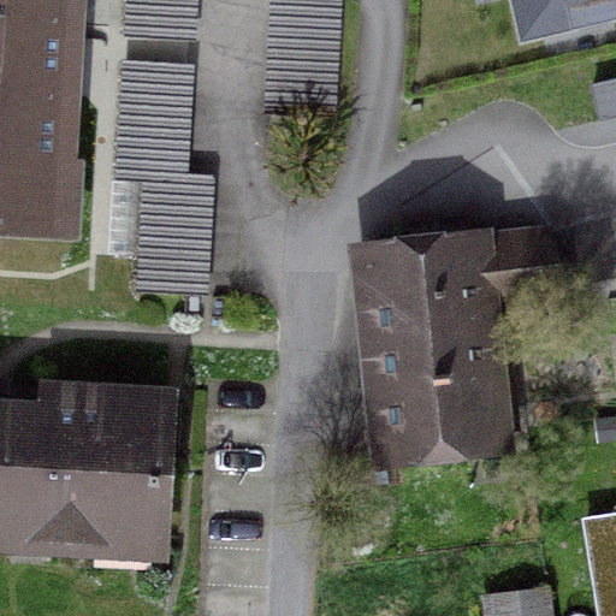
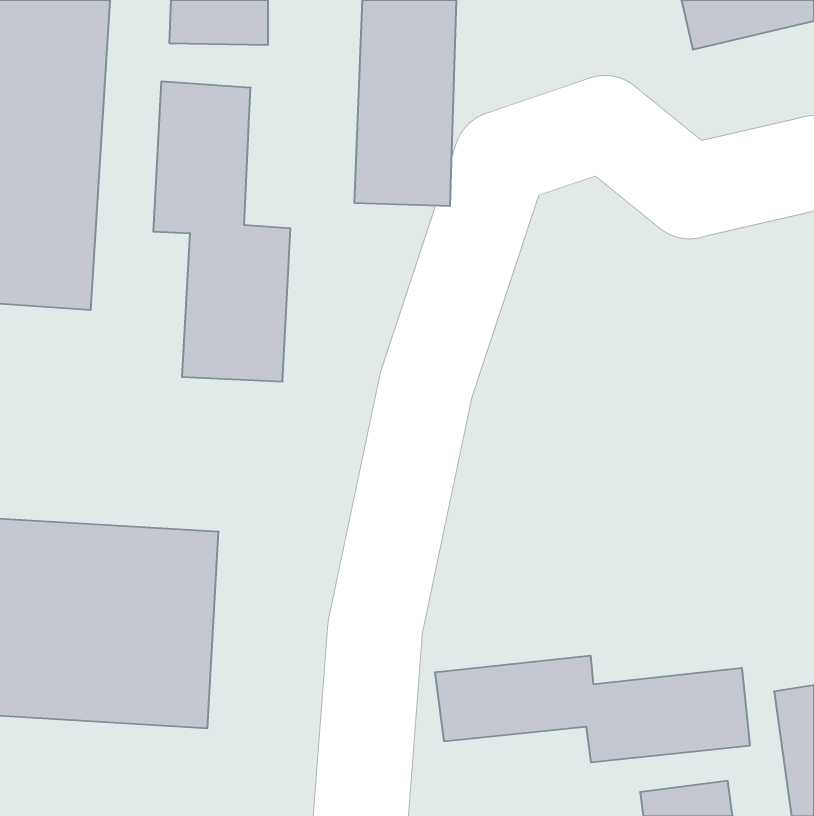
building: [373,221,564,444] -> none
building: none -> [435,656,750,763]

